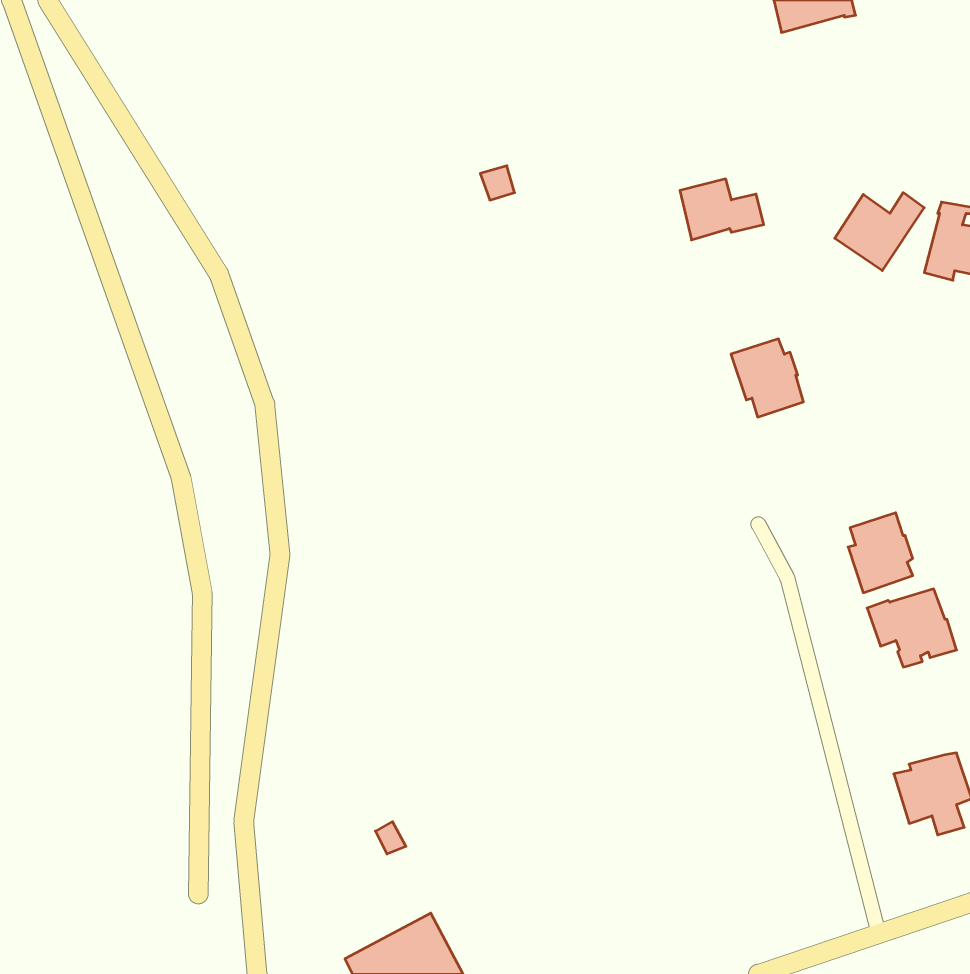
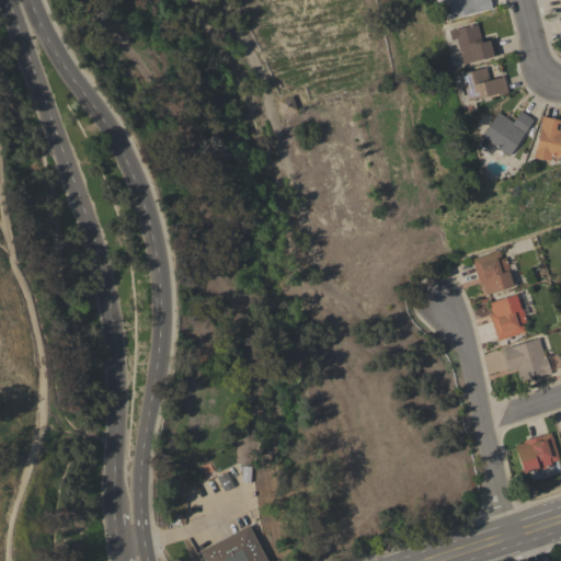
building: none -> [449,23,500,64]
building: [680,179,764,240] -> [461,67,510,102]
building: [731,339,803,417] -> [472,250,514,295]

